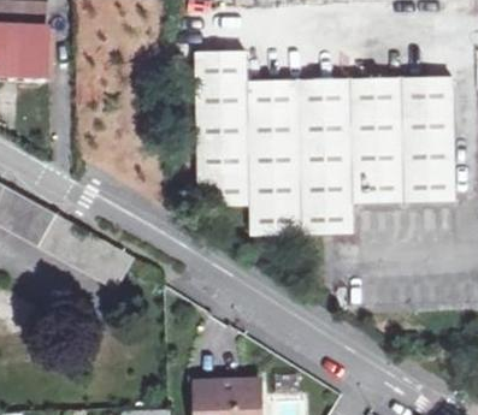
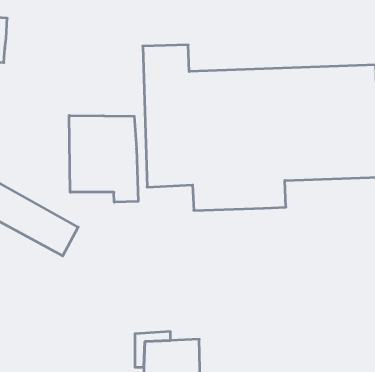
building: none -> [69,115,138,202]

